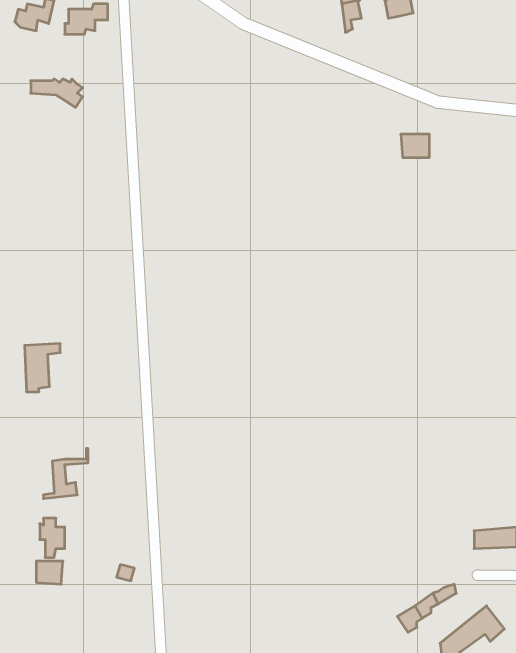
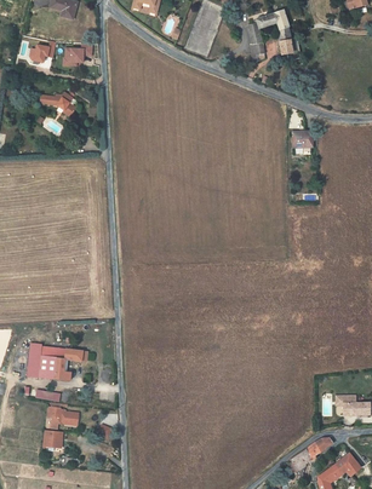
building: [25,344,60,392] -> [40,346,64,379]

